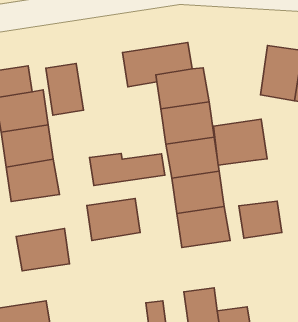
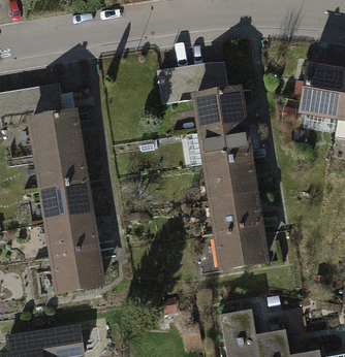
building: [46,63,83,115] -> none
building: [214,119,267,165] -> none
building: [89,153,165,186] -> none
building: [87,198,140,241] -> [43,216,98,259]
building: [239,201,282,238] -> none

